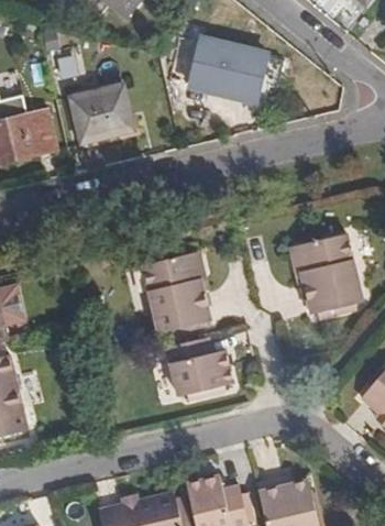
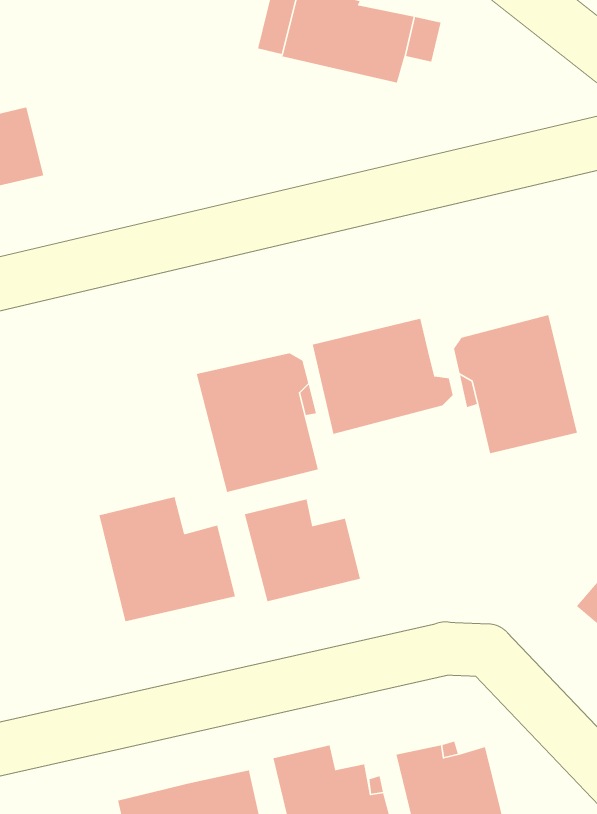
building: [70,85,134,145] -> none
building: none -> [312,318,454,435]
building: none -> [98,496,236,622]

